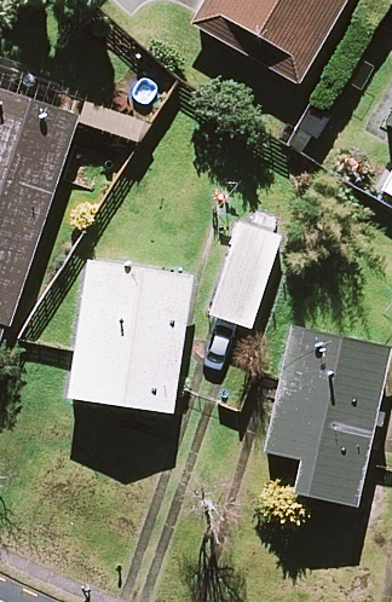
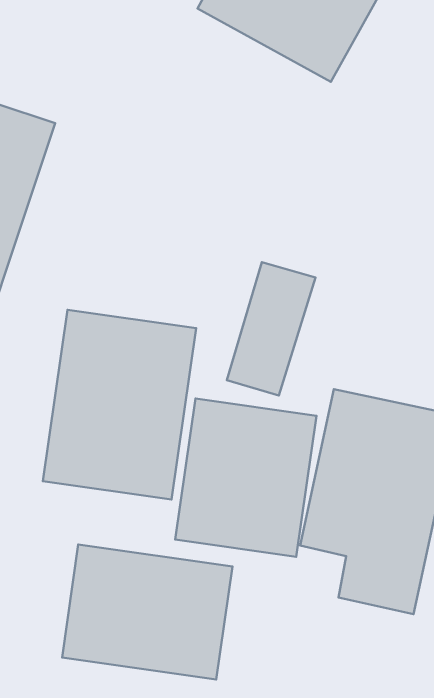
building: none -> [175,399,316,557]
building: none -> [62,544,232,679]

